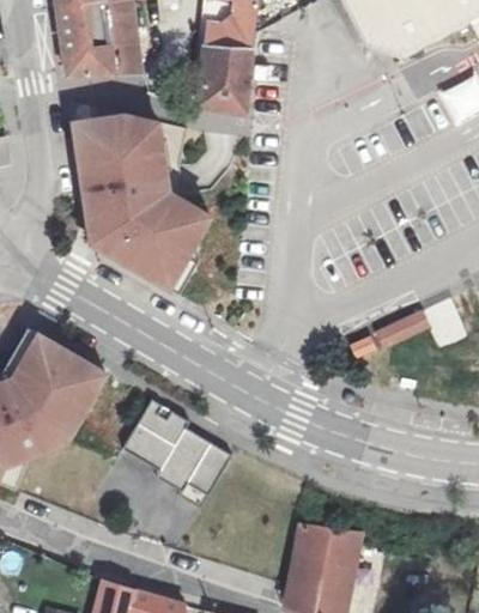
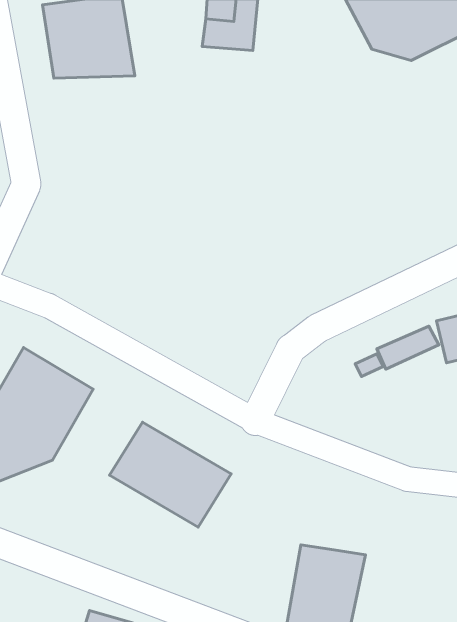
building: [198,47,253,109] -> none
building: [72,115,218,296] -> none

